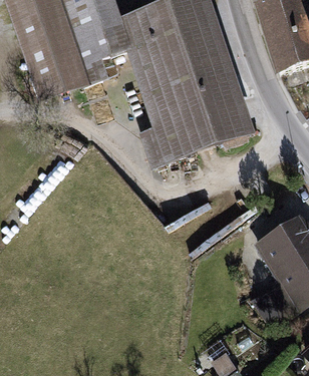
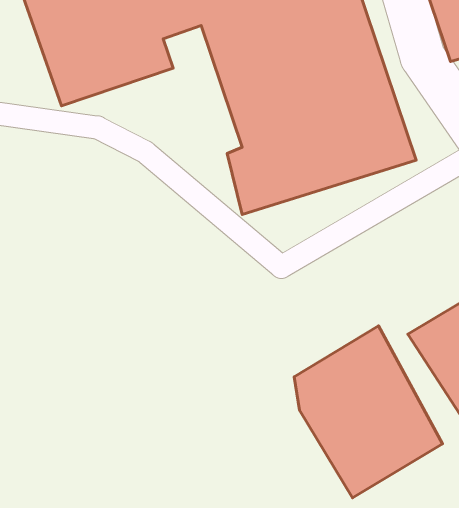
building: none -> [294,326,443,498]

